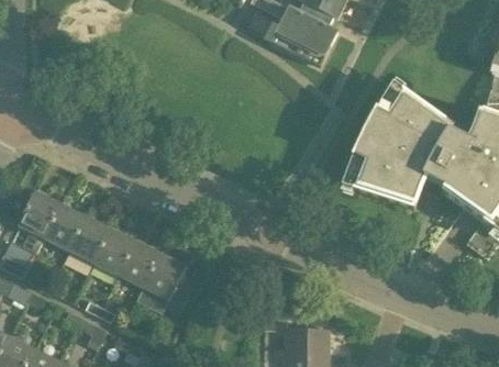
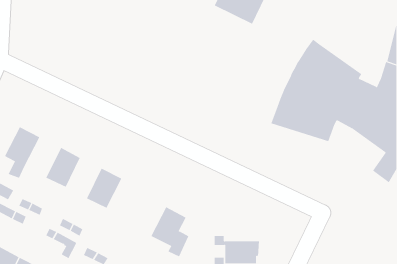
building: [43,201,87,251] -> none
building: [93,226,136,276] -> none
building: [143,252,190,313] -> [151,207,189,257]

